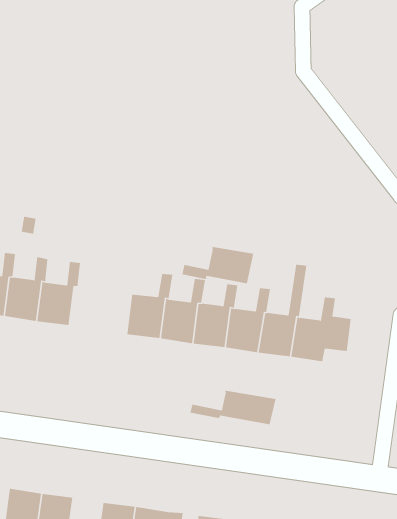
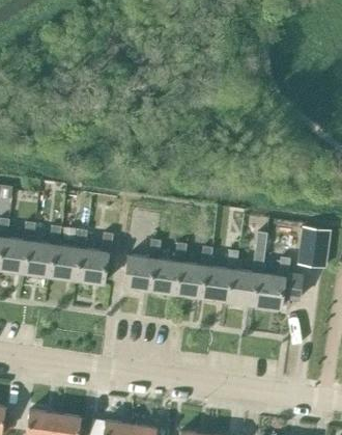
building: [182,246,254,284] -> none
building: none -> [297,226,330,266]
building: none -> [78,232,113,283]
building: [190,390,276,425] -> none

